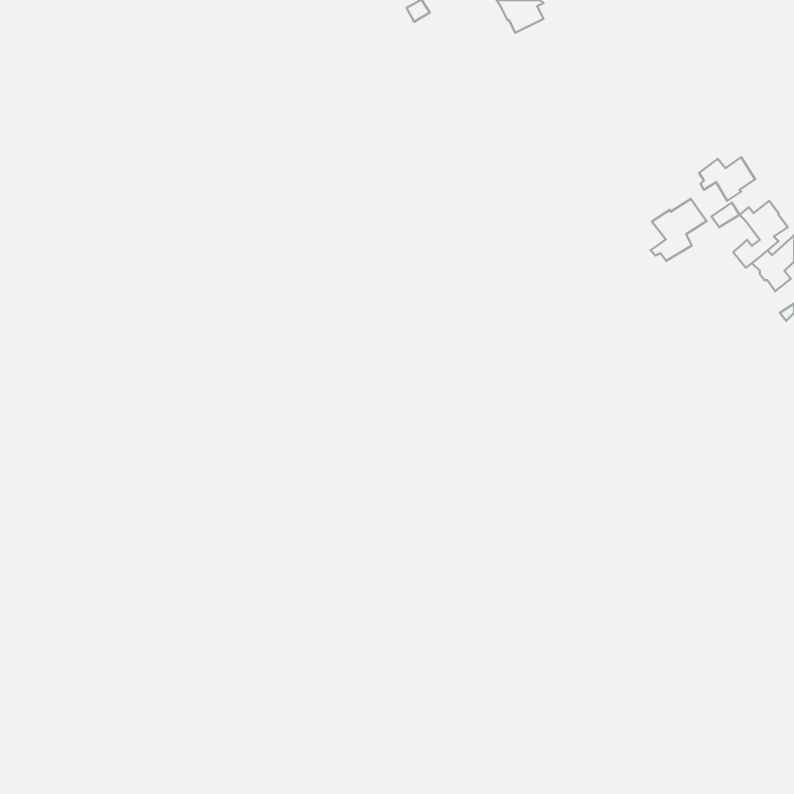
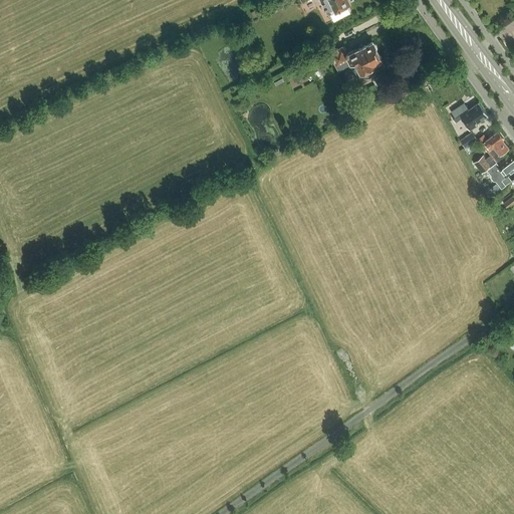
building: none -> [329,42,381,77]
building: [651,199,706,261] -> none

